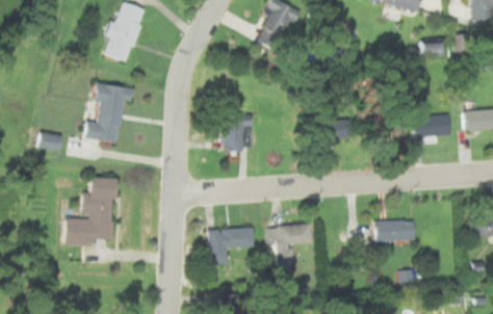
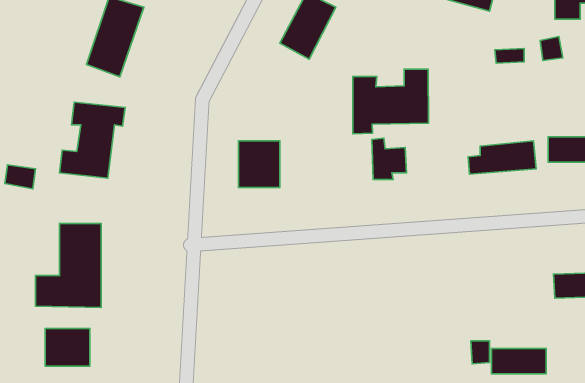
building: none -> [353,69,429,134]
building: [373,221,416,241] -> [492,349,546,374]
building: [273,224,311,268] -> none
building: [207,227,254,265] -> none
building: none -> [45,329,90,366]

